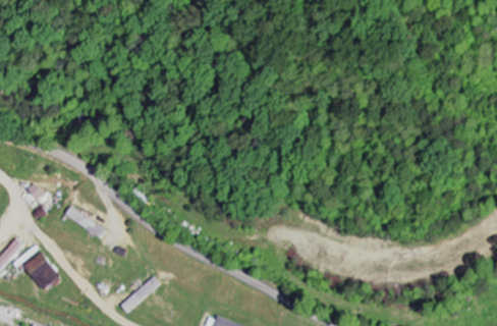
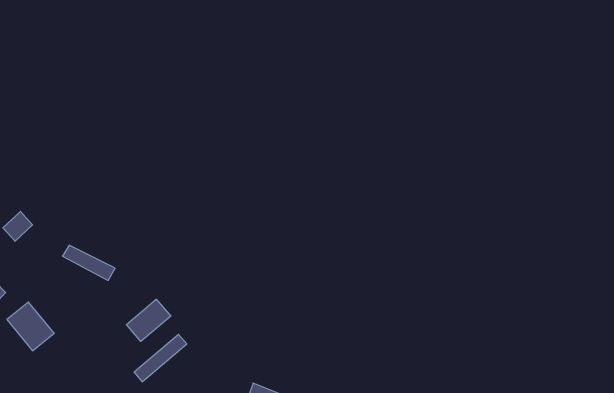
building: none -> [126,299,171,341]

